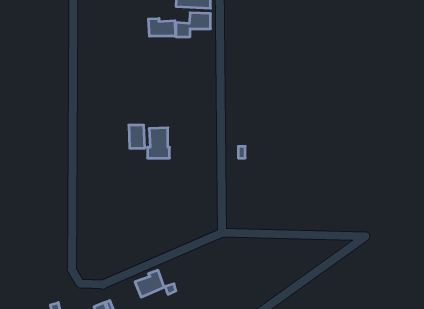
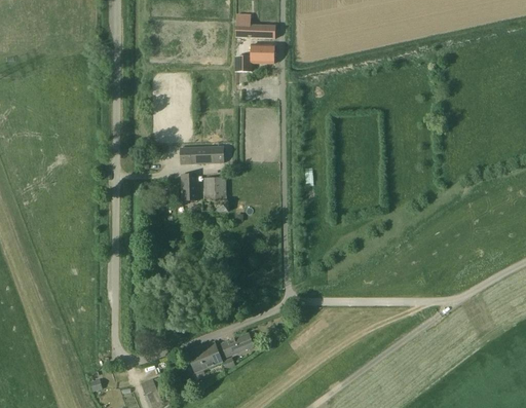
building: [148,18,175,36] -> none
building: none -> [179,145,223,164]
building: none -> [221,332,254,357]

